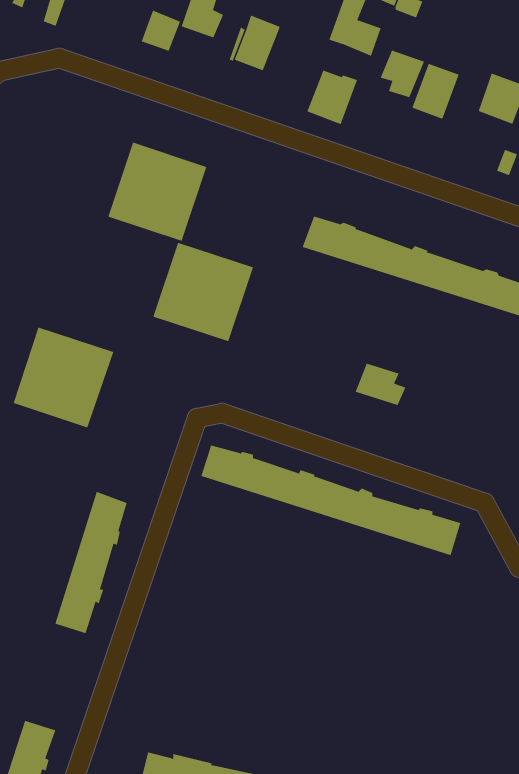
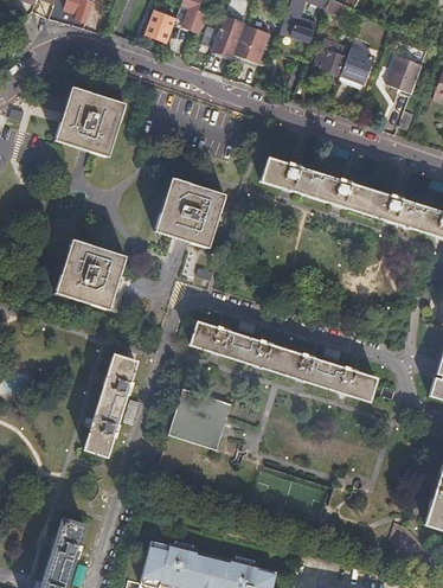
building: [306,70,358,125] -> [233,24,270,63]
building: [107,142,207,242] -> [54,84,126,155]
building: [355,363,406,406] -> none
building: none -> [171,388,231,443]

